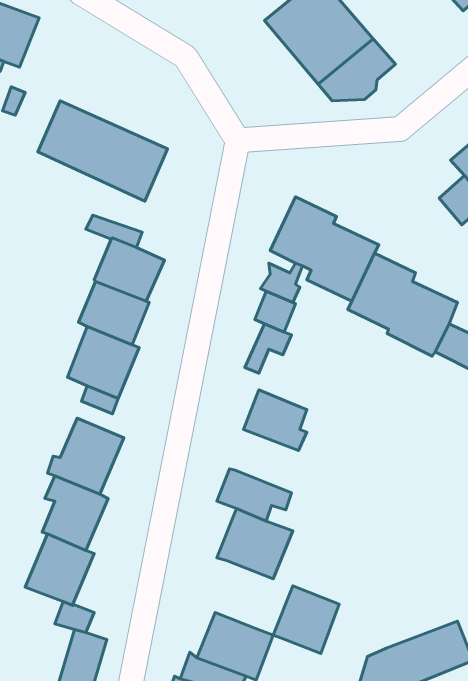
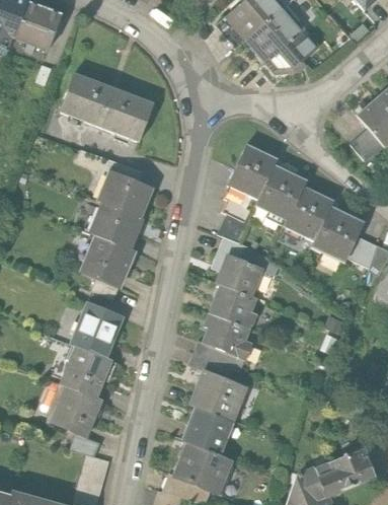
building: none -> [216,252,260,294]
building: none -> [203,310,249,356]
building: [273,586,339,654] -> [182,405,230,453]

